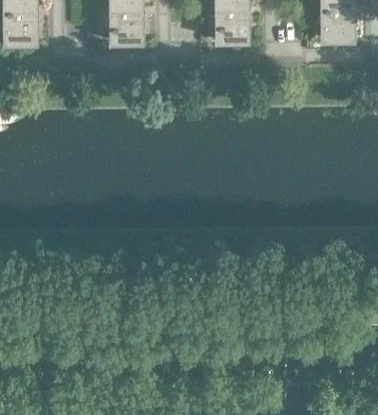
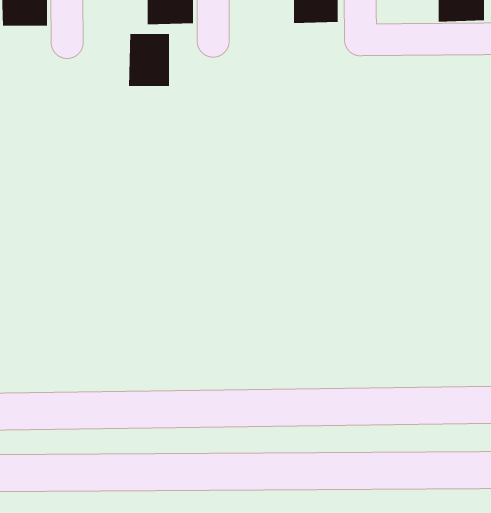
building: none -> [128,33,169,87]

